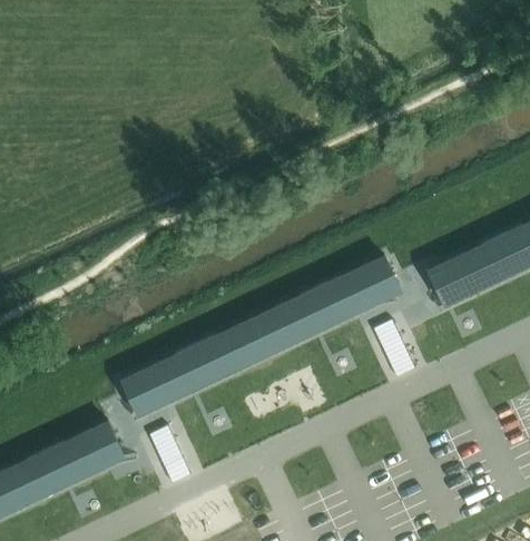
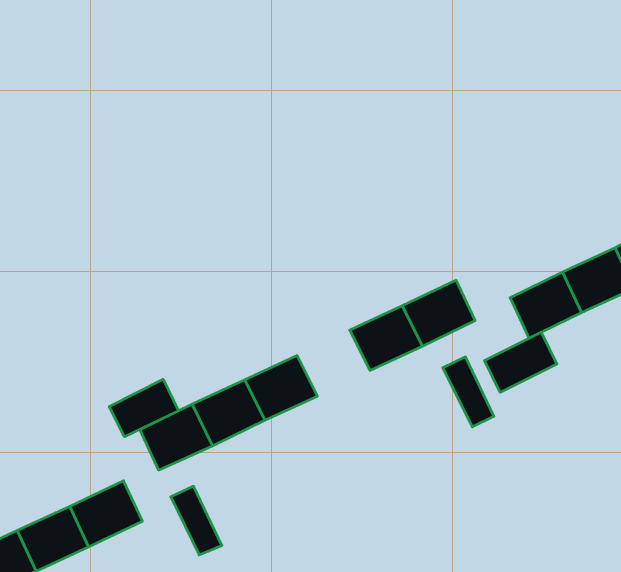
building: [252,299,312,354] -> none
building: none -> [485,332,557,392]
building: none -> [109,379,178,437]

